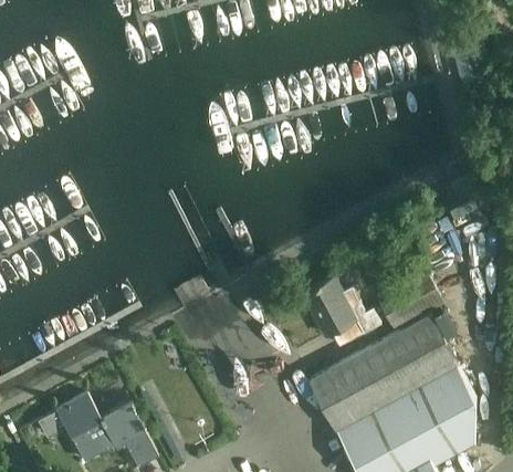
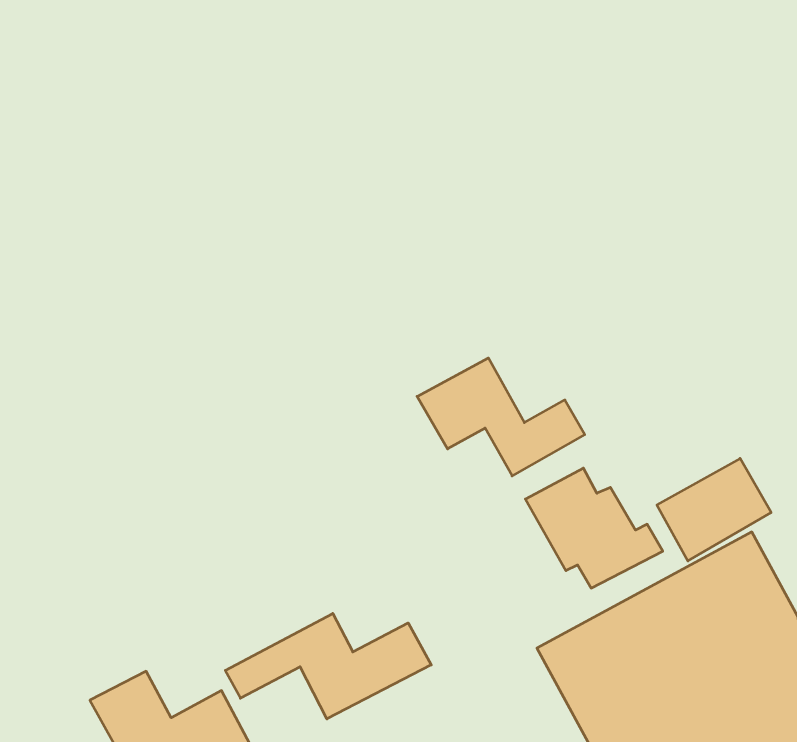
building: none -> [417,358,585,476]
building: none -> [225,613,431,719]

